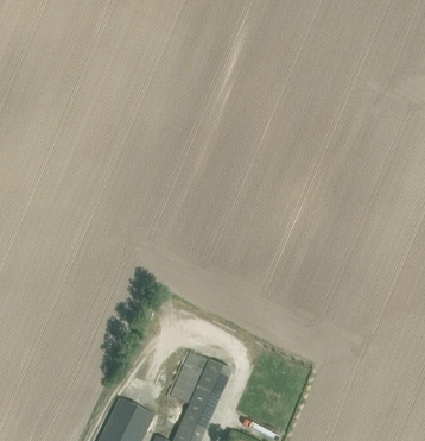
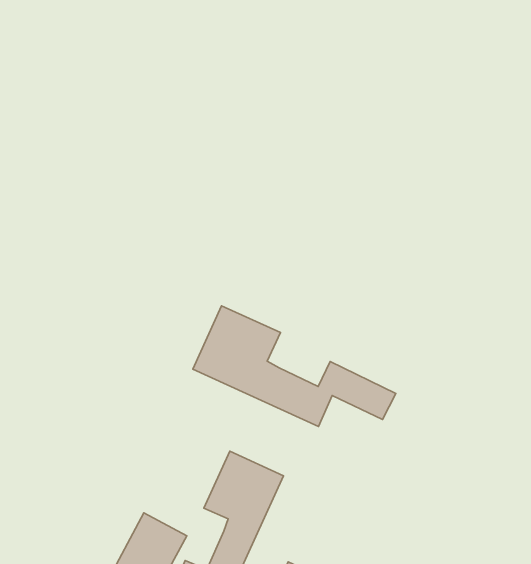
building: none -> [193,306,396,427]

